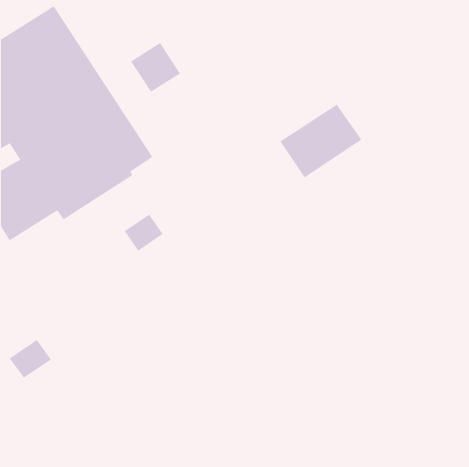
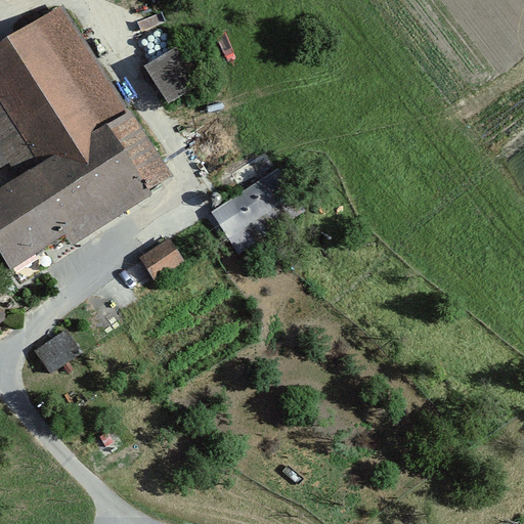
building: [279,104,362,178] -> [211,170,303,253]
building: [9,339,52,379] -> [34,329,82,373]

